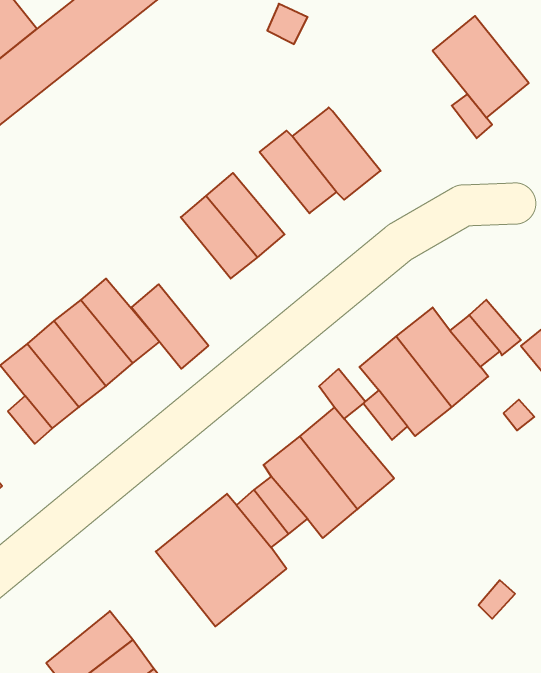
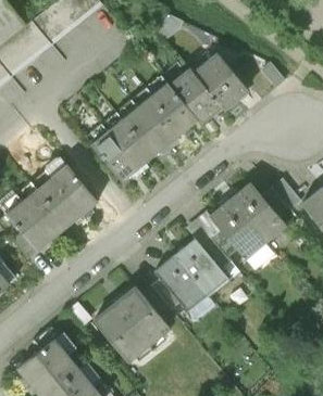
building: [433,16,529,118] -> [195,53,249,111]
building: none -> [138,95,182,142]
building: [132,284,208,369] -> [94,132,137,180]
building: none -> [20,340,69,384]

